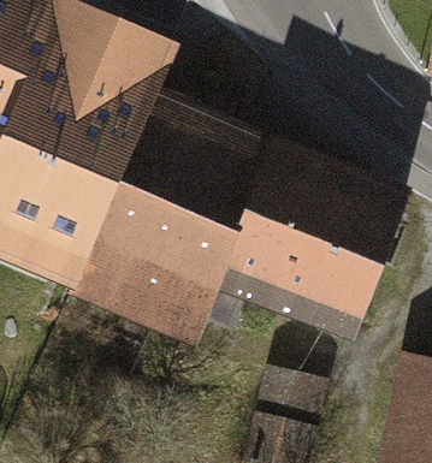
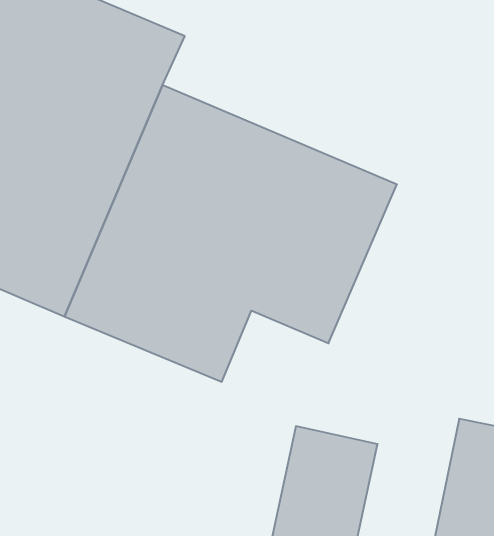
building: [286,176,409,333] -> none

